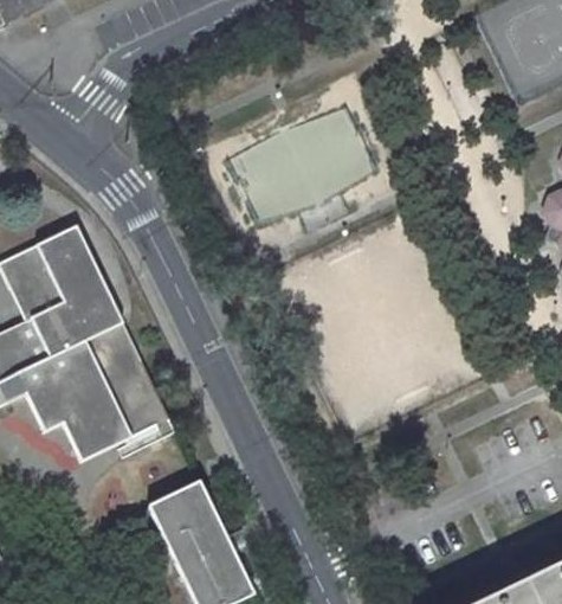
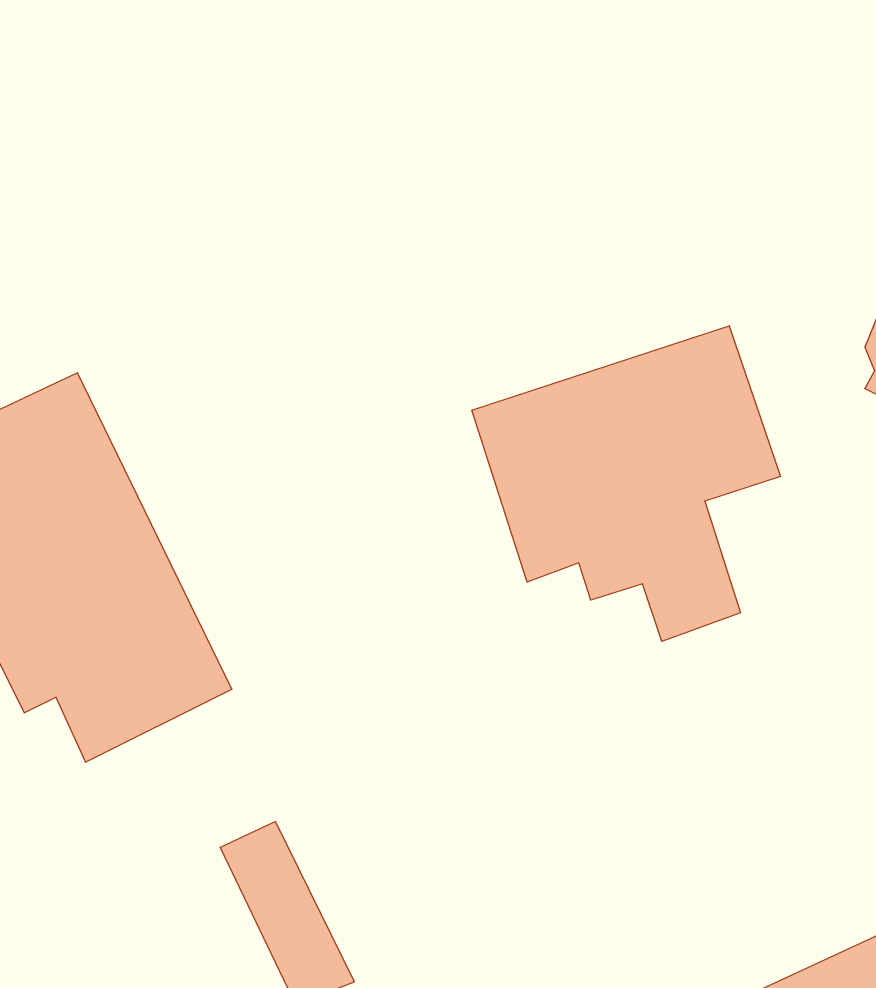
building: [239,102,379,217] -> none
building: none -> [472,326,780,641]

